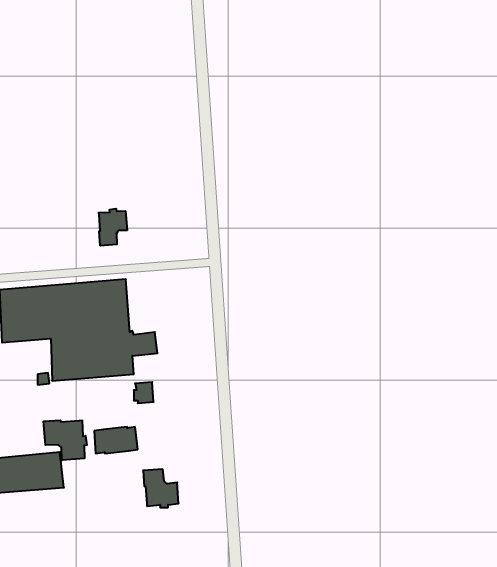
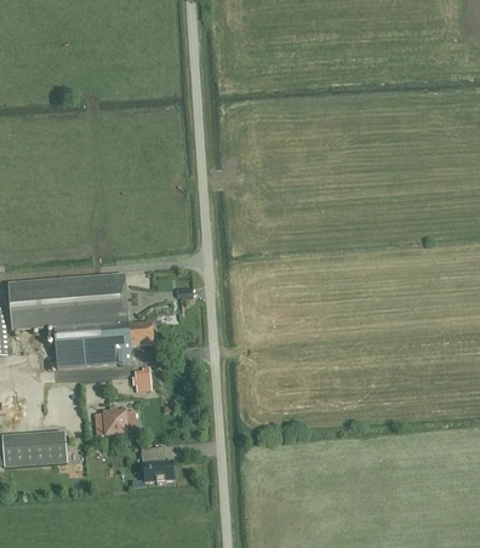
building: [99,209,127,246] -> none
building: [44,420,87,460] -> none

